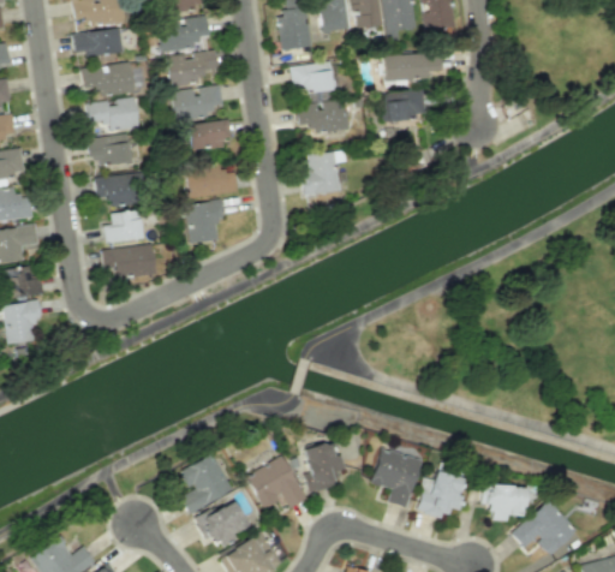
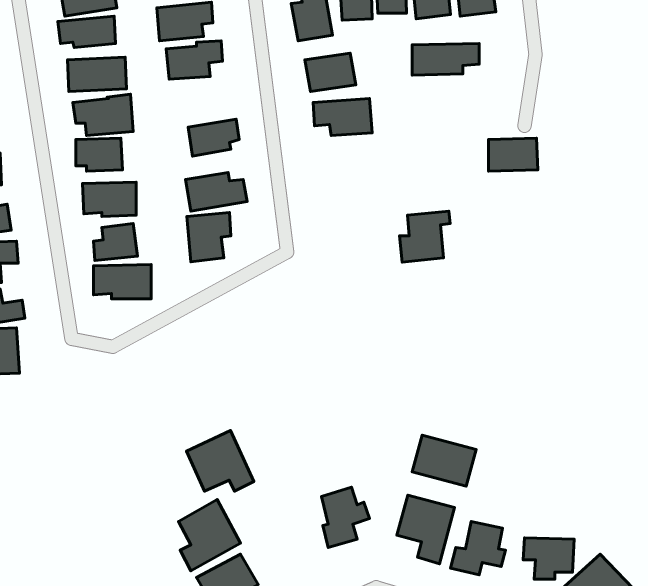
building: [172,84,223,121] -> none
building: [383,91,426,120] -> [488,138,538,171]
building: [301,151,346,196] -> [399,211,450,262]
building: none -> [412,435,476,486]
building: [246,457,305,510] -> [187,431,254,491]

